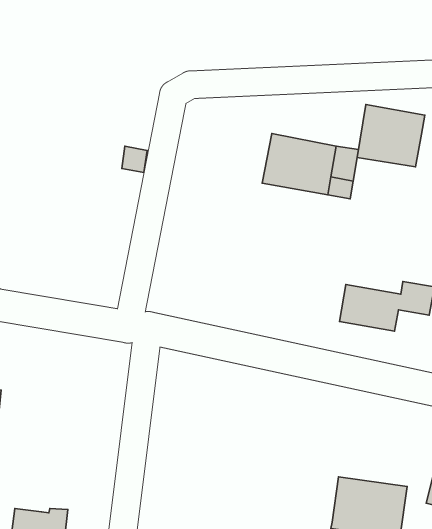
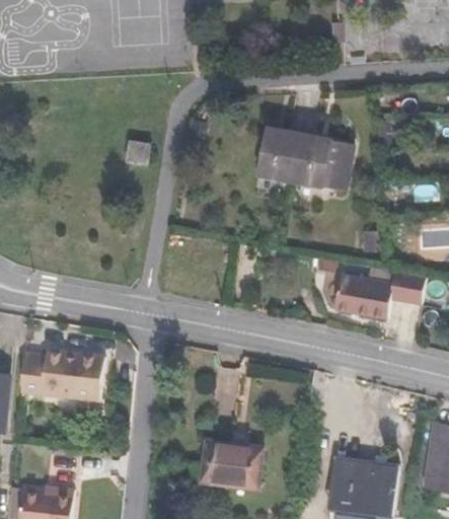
building: [357,104,425,167] -> none
building: none -> [20,351,105,400]
building: none -> [203,446,263,486]

